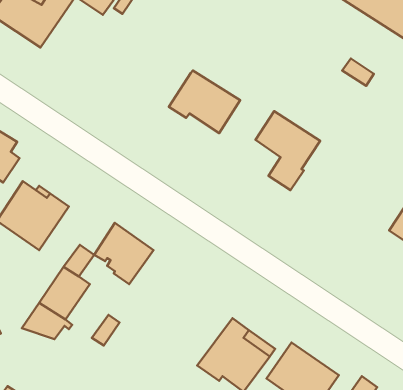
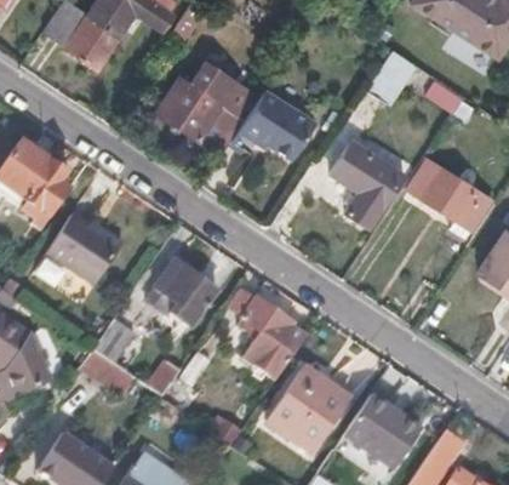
building: none -> [365,48,411,102]
building: none -> [154,59,259,154]
building: none -> [406,162,488,229]
building: none -> [242,296,309,381]

